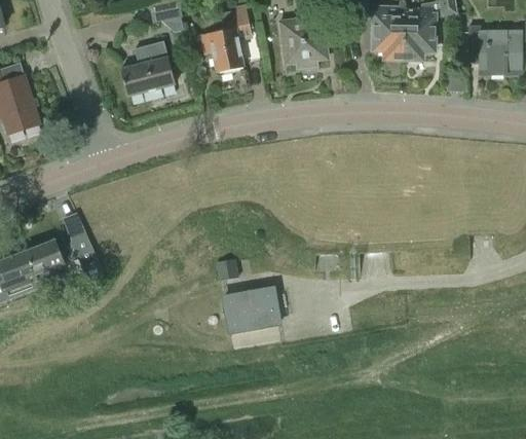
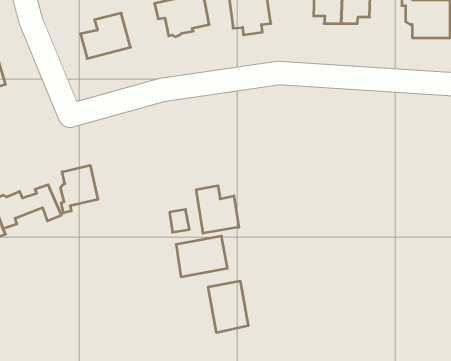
building: none -> [61,165,98,213]
building: none -> [196,186,239,233]
building: none -> [208,281,248,333]

